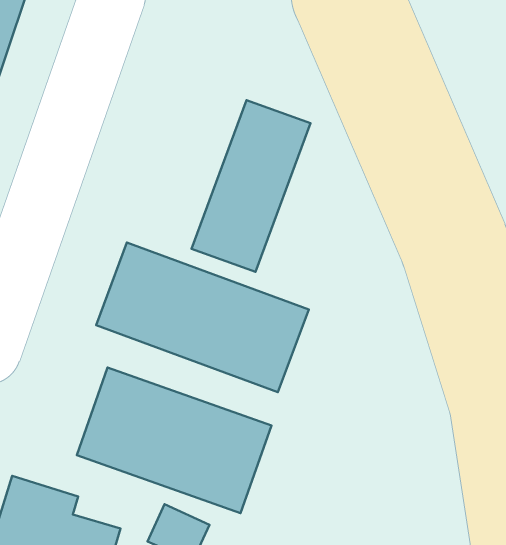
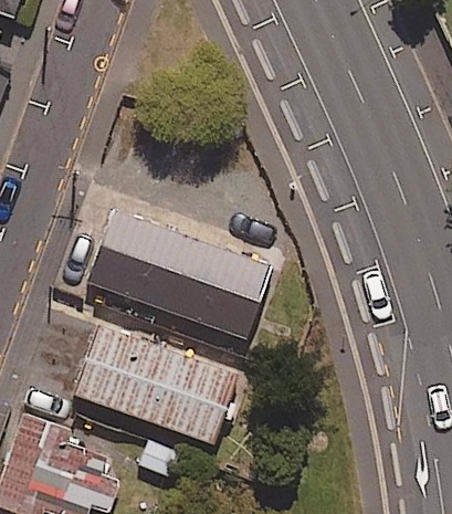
building: [192,100,310,272] -> none

